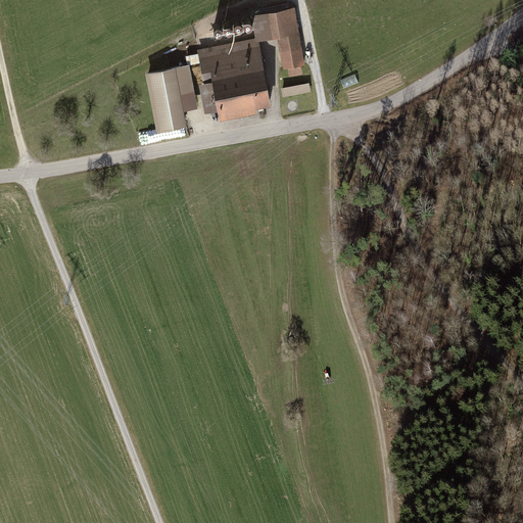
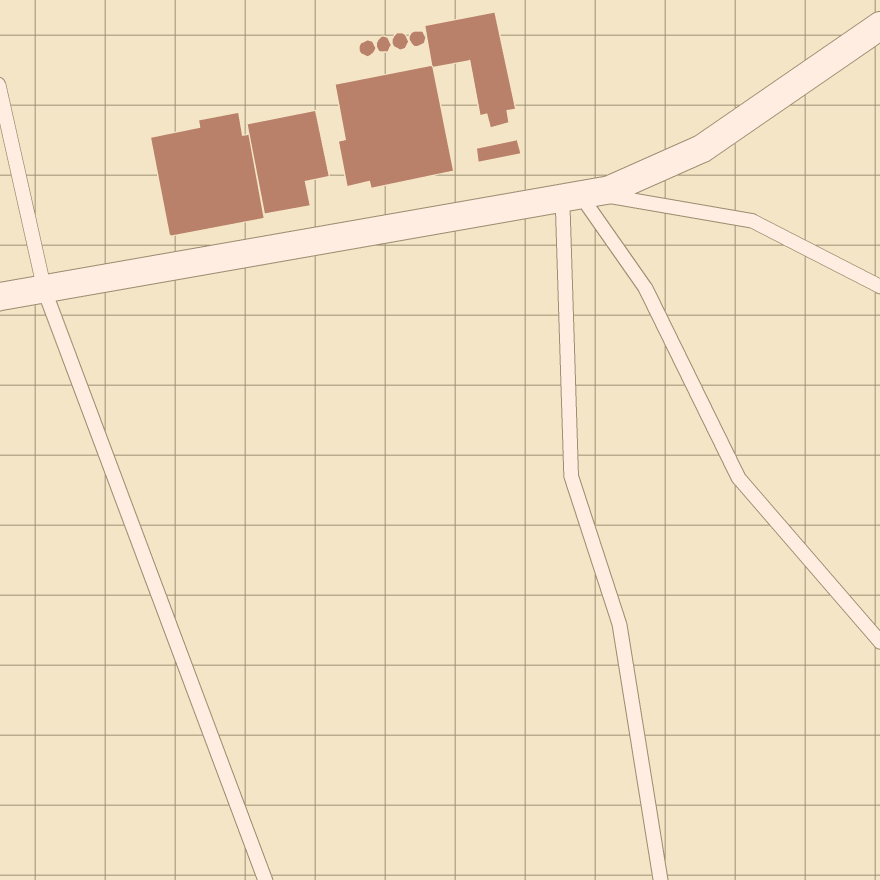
building: none -> [151,112,264,236]

